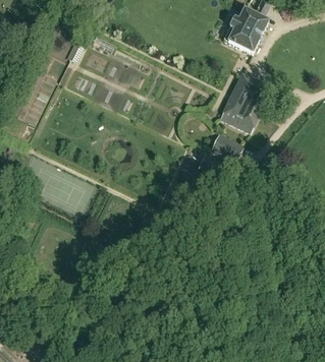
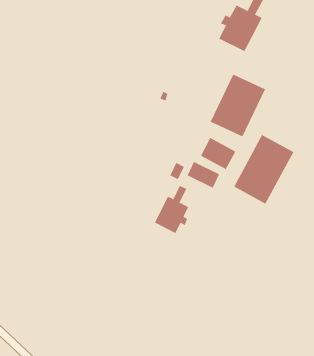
building: none -> [233,134,294,205]
building: none -> [154,185,189,234]

